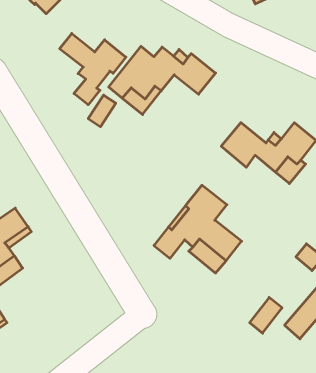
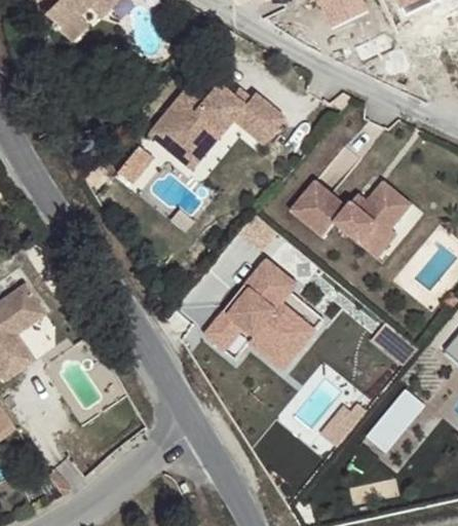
building: [60,33,126,105] -> none

